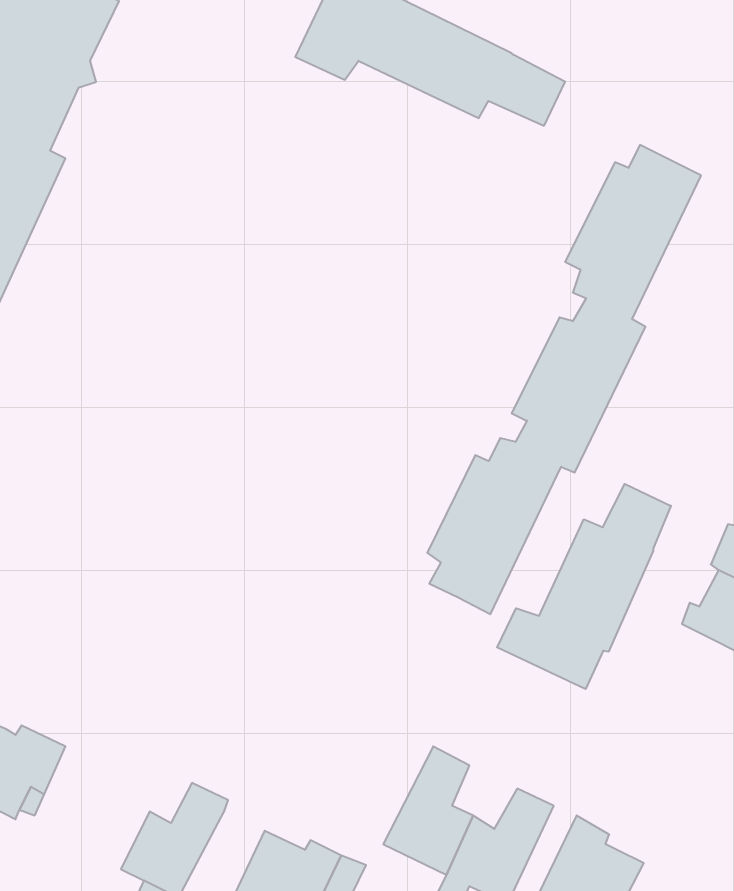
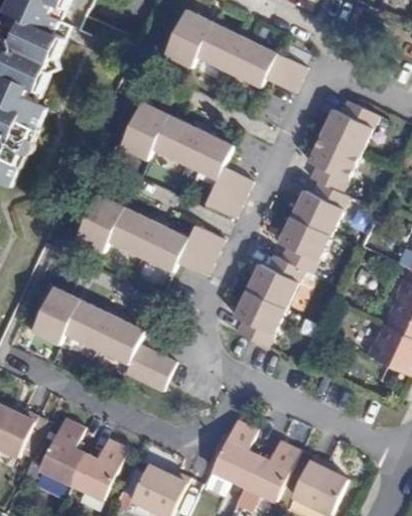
building: none -> [119,104,250,218]
building: none -> [75,196,224,276]
building: [497,484,671,689] -> none
building: none -> [31,287,166,389]
building: none -> [39,418,87,483]

